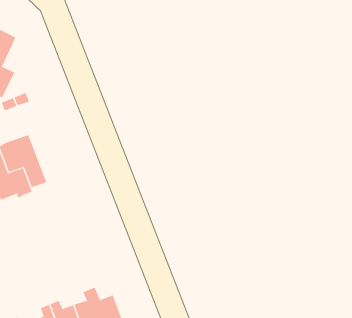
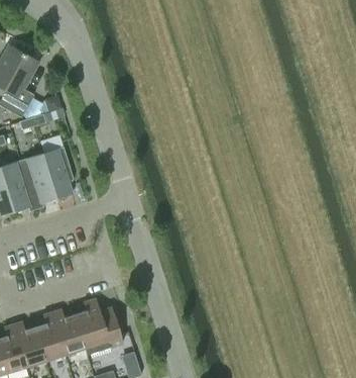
building: none -> [43,146,74,198]

